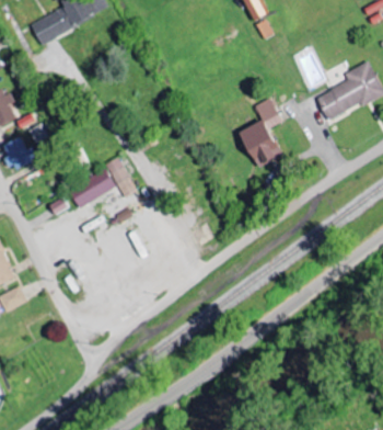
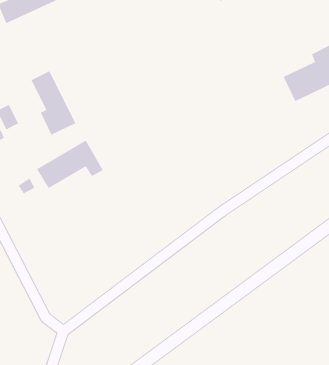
building: none -> [31,70,76,135]
building: [241,98,283,167] -> none

